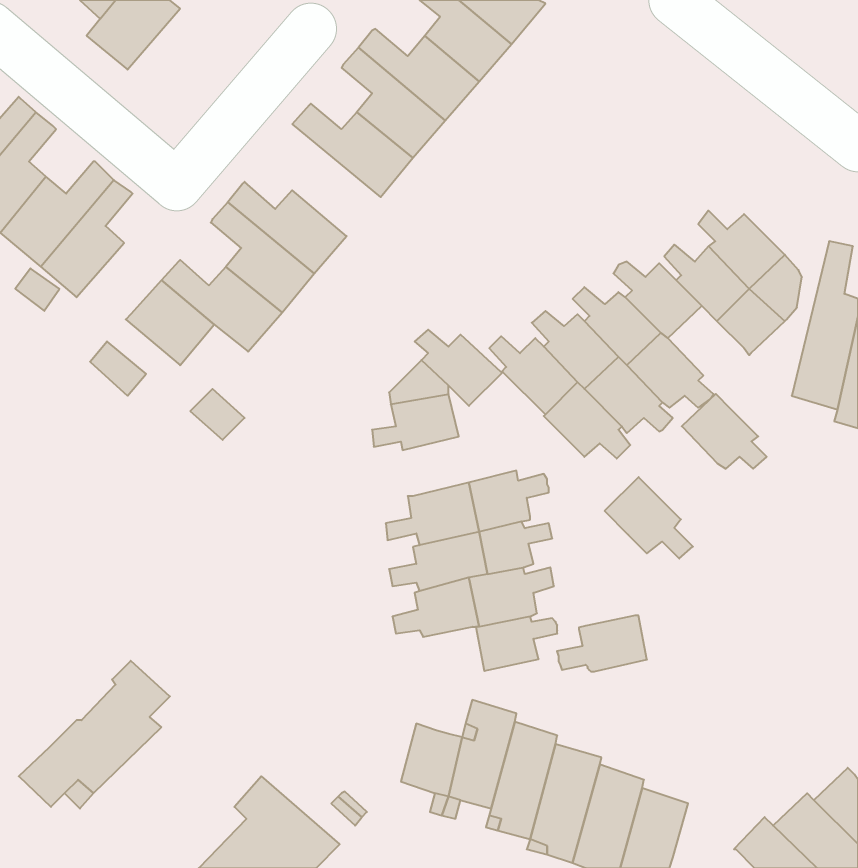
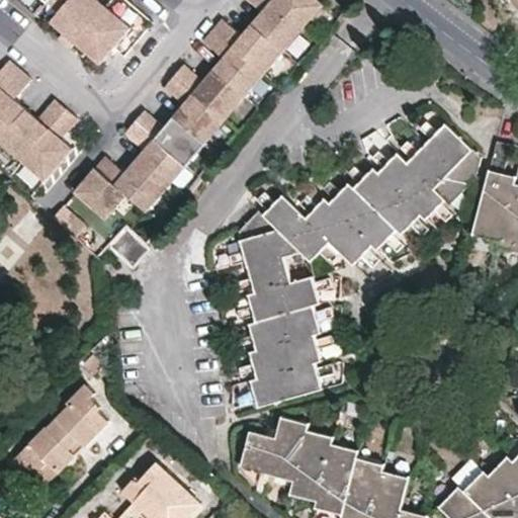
building: none -> [76,5,134,63]
building: none -> [165,74,227,141]
building: [682,394,767,469] -> [398,182,448,227]
building: none -> [226,260,279,295]
building: [605,477,693,559] -> [279,222,332,270]
building: [557,615,647,672] -> [235,373,288,407]

